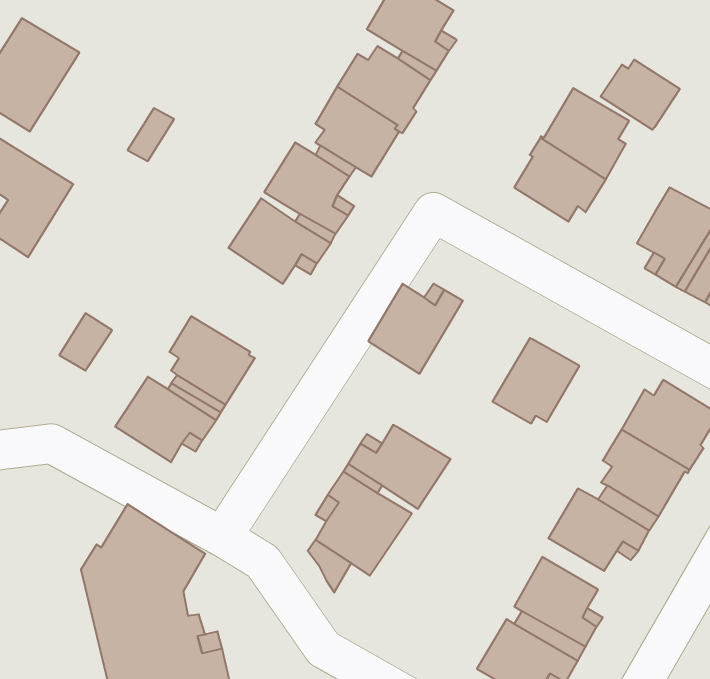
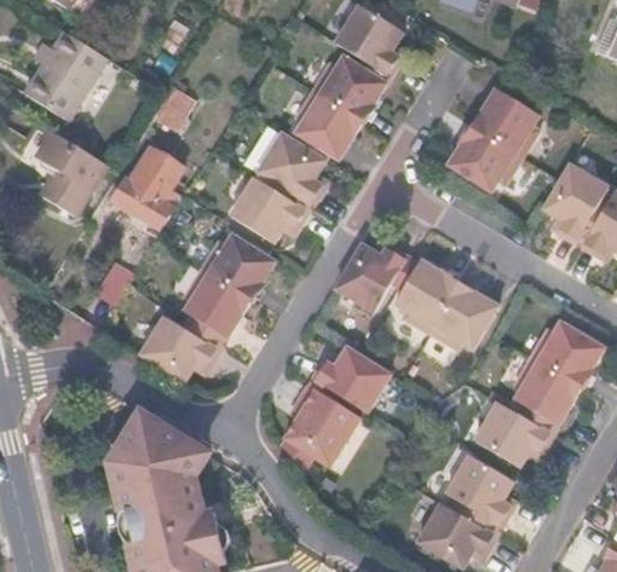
building: [601,60,680,130] -> none
building: none -> [108,149,179,227]
building: none -> [197,232,272,301]
building: none -> [399,260,463,333]

